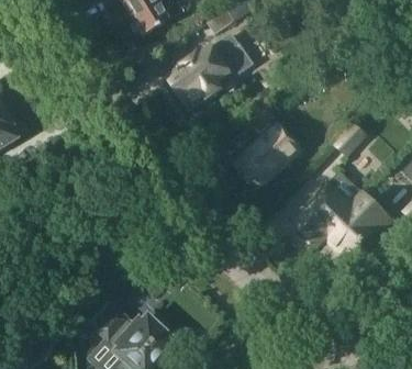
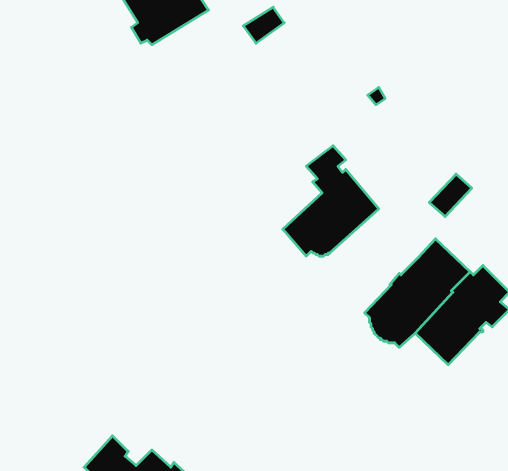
building: [169,35,254,109] -> none

